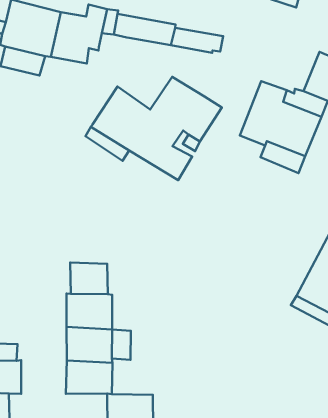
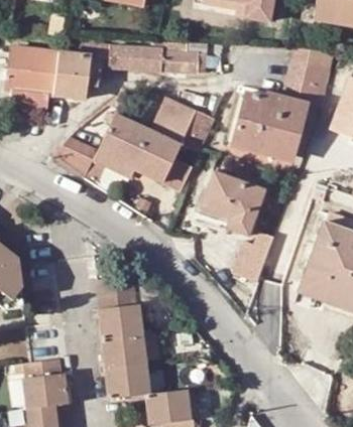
building: none -> [53,136,97,172]
building: none -> [200,168,265,234]
building: none -> [233,229,275,280]

